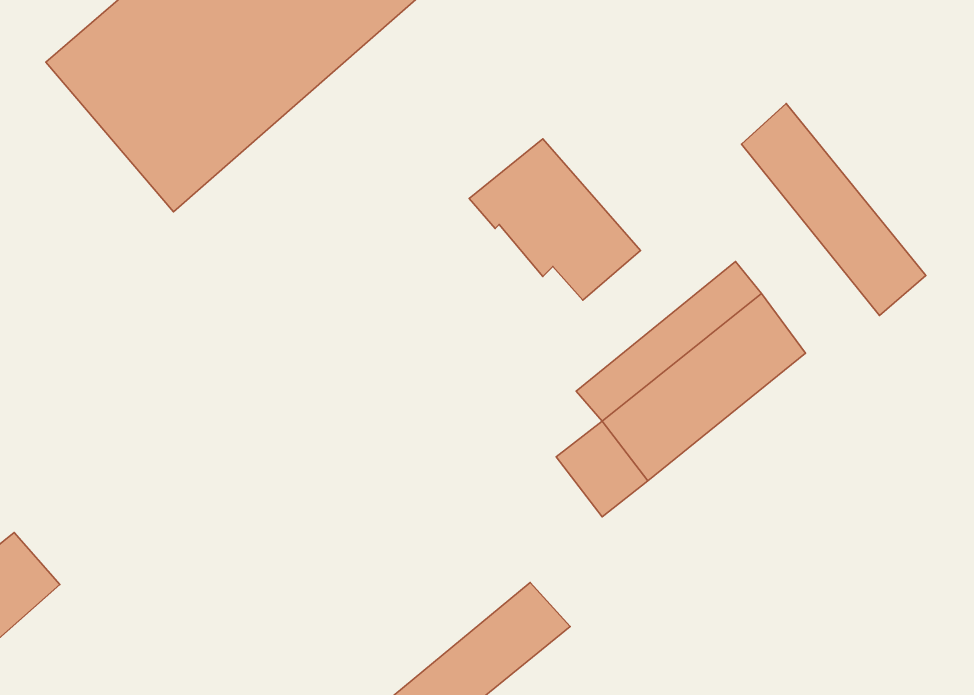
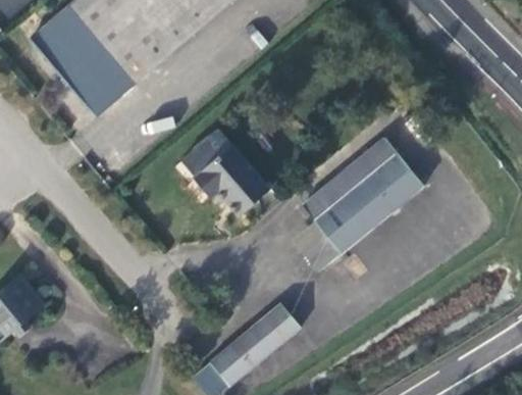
building: [741,104,926,316] -> none
building: [469,139,641,300] -> [181,130,269,212]

